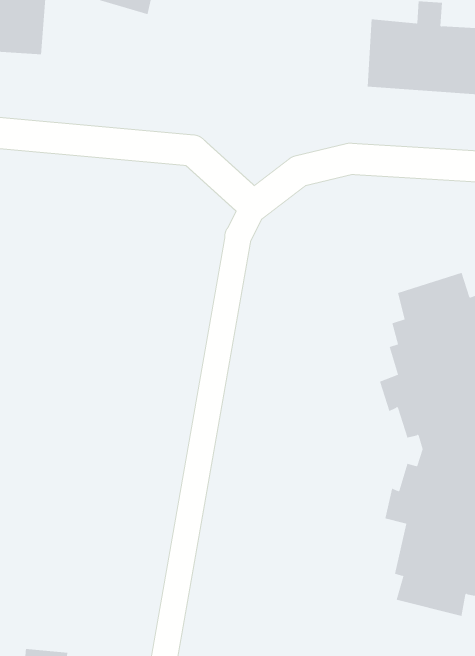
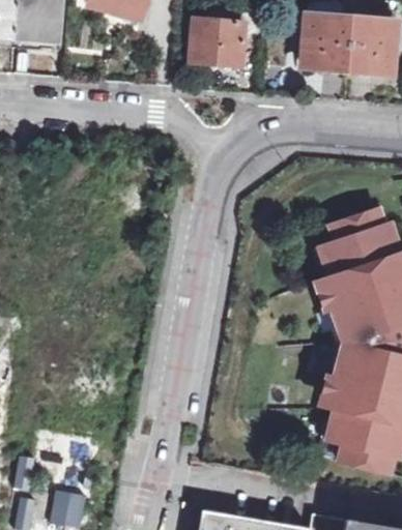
building: none -> [192,9,267,69]

